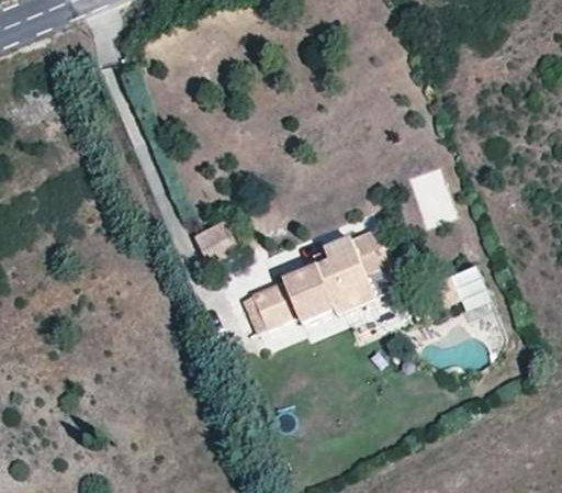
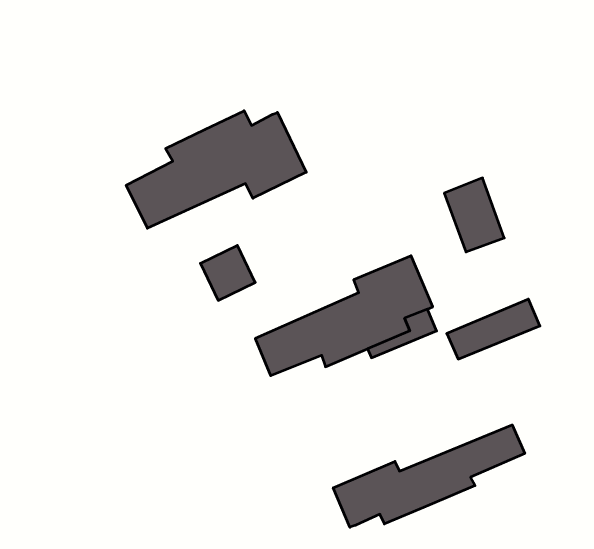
building: none -> [126,111,306,228]
building: none -> [333,425,525,527]

